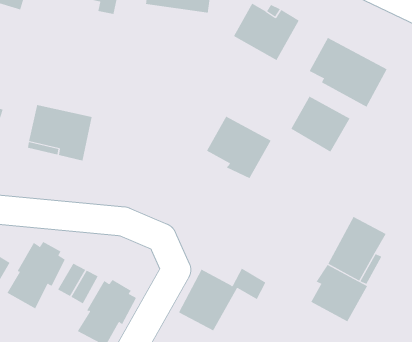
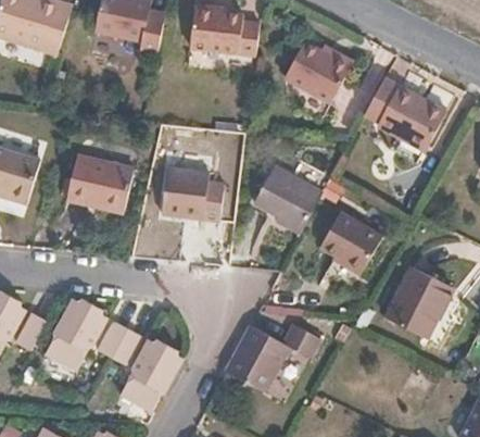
building: [291,96,351,153] -> [318,212,381,272]
building: none -> [160,165,239,222]
building: [310,264,368,322] -> none

